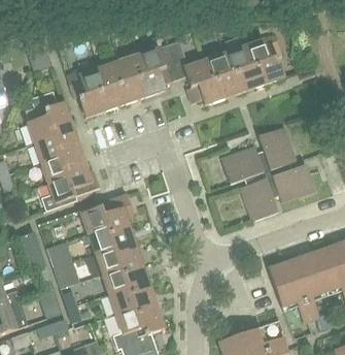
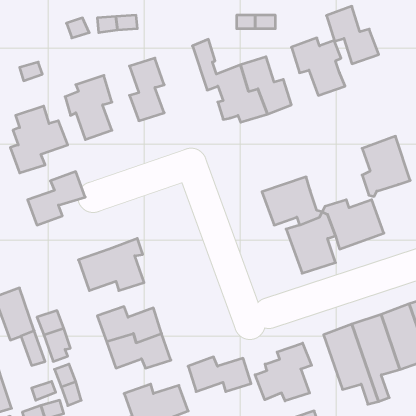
building: [139,45,179,97] -> none
building: [225,46,265,91] -> [326,6,379,64]
building: [99,61,127,110] -> none
building: [35,122,78,164] -> none
building: [258,127,296,173] -> [362,136,410,196]
building: [42,162,96,211] -> none
building: [89,227,138,255] -> none
building: none -> [255,343,312,401]
building: [109,287,158,314] -> [188,357,251,392]

